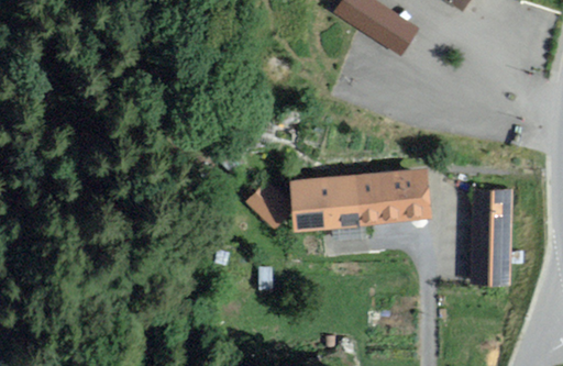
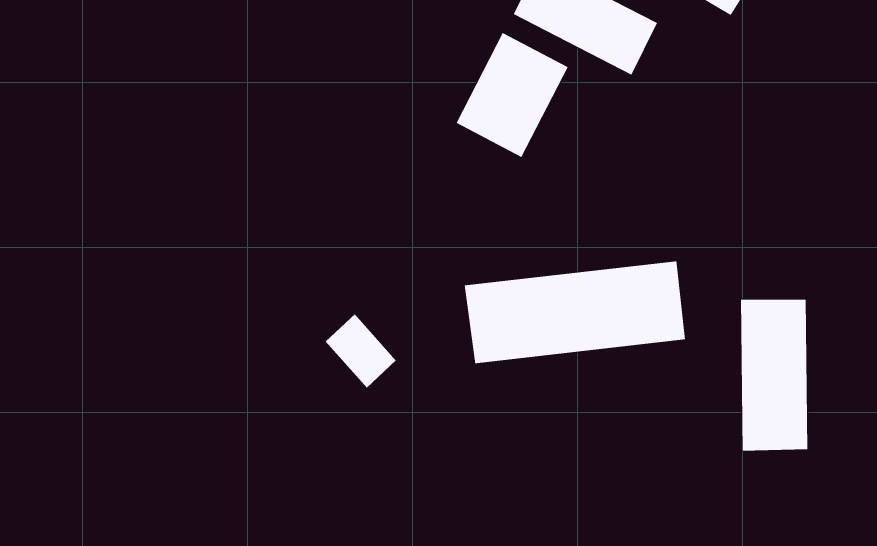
building: none -> [456,32,568,158]
building: [245,182,290,230] -> [325,313,397,389]

